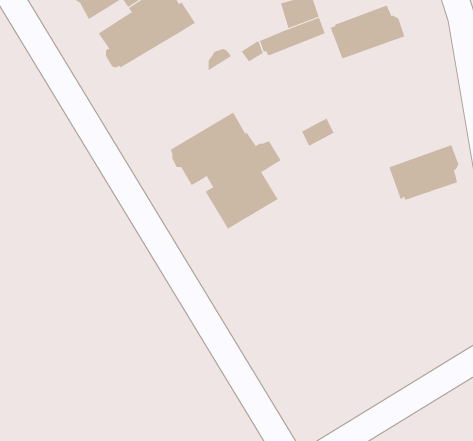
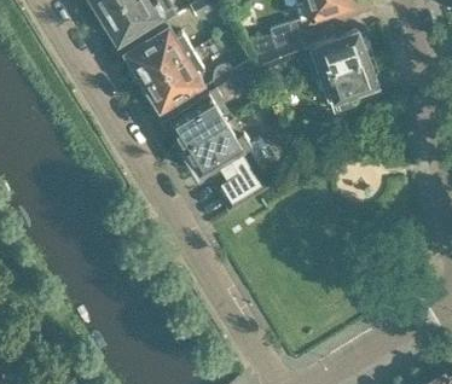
building: none -> [139,52,203,112]
building: none -> [163,89,231,147]
building: [388,145,459,200] -> [318,57,375,101]

